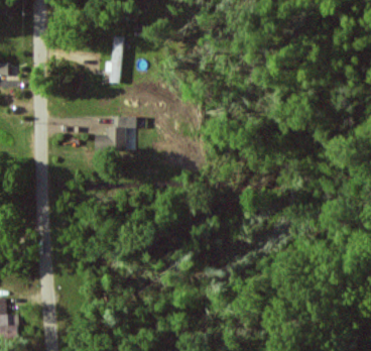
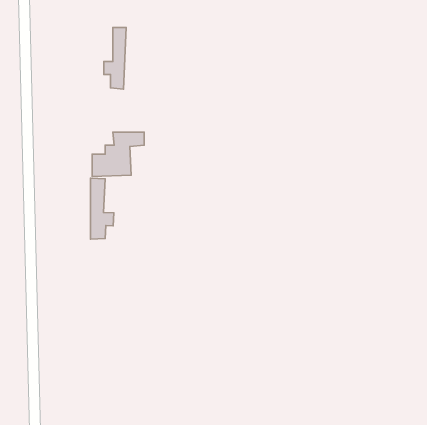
building: none -> [90,178,114,239]

